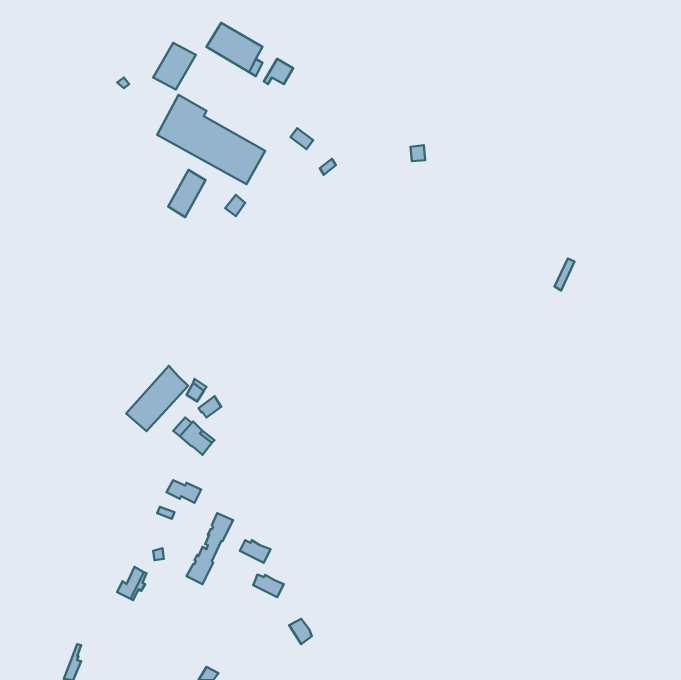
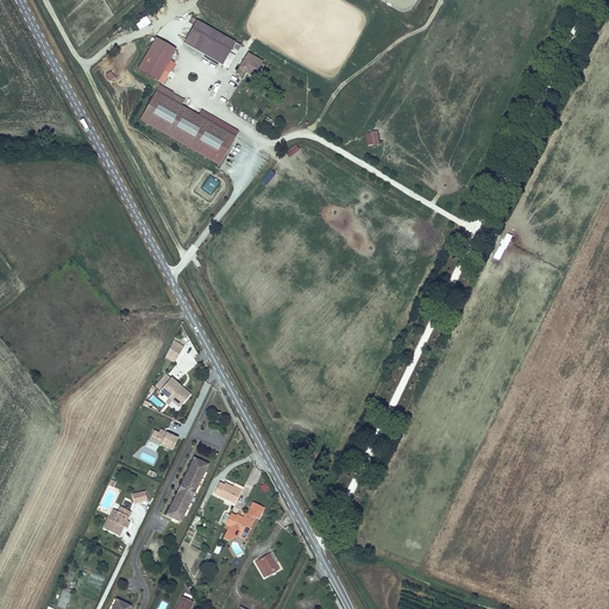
building: [168,170,206,217] -> none
building: [126,366,188,431] -> none

